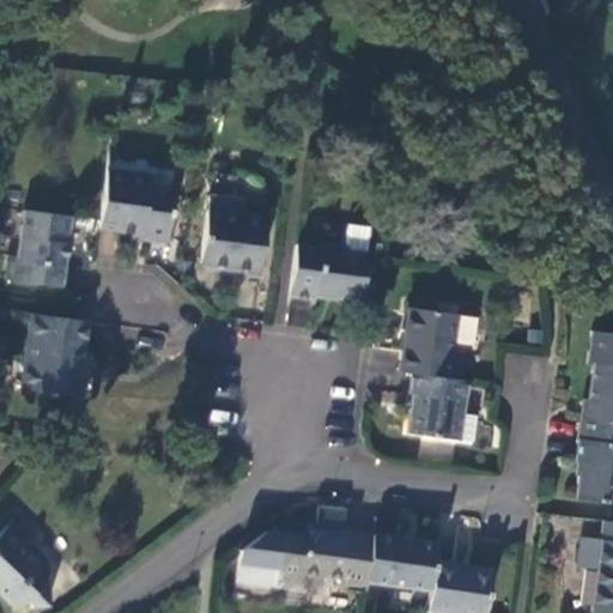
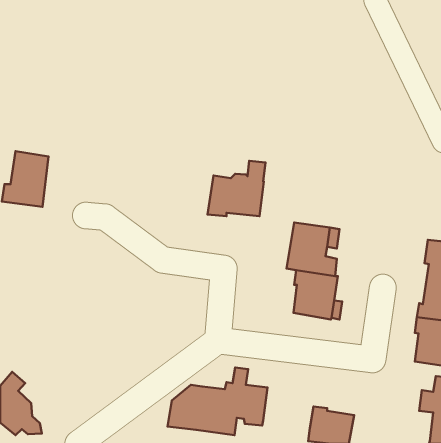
building: [101,170,175,236] -> none
building: [204,195,268,272] -> none
building: [22,315,87,399] -> none
building: [366,535,438,591] -> none

